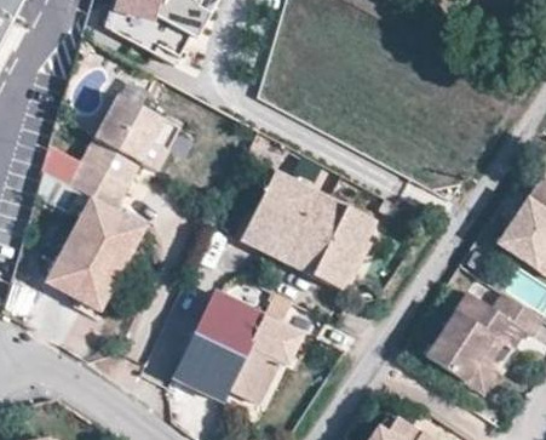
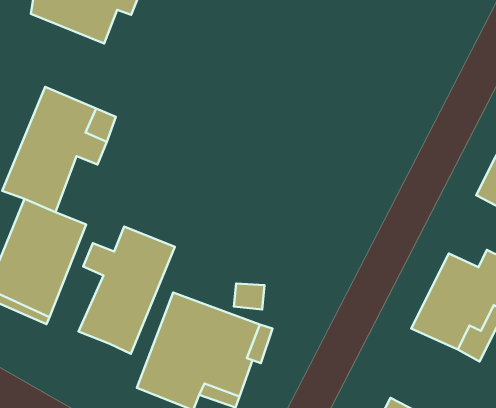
building: [240,170,374,286] -> none
building: none -> [78,227,175,354]

